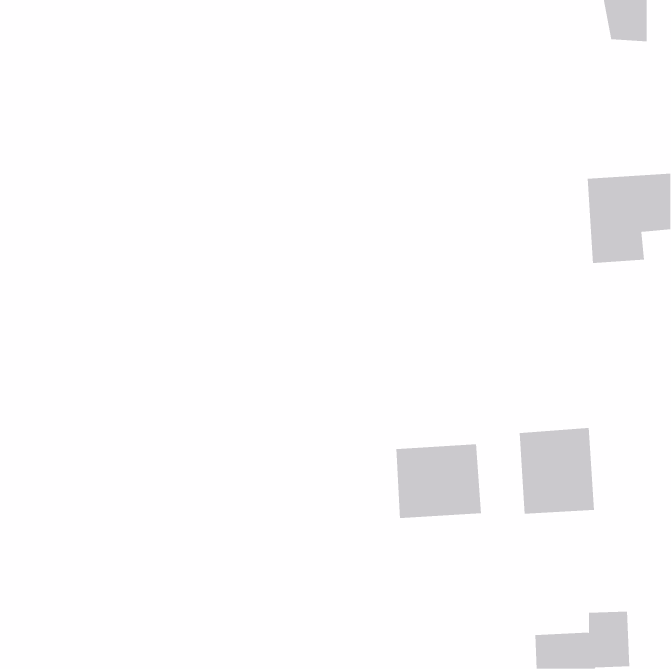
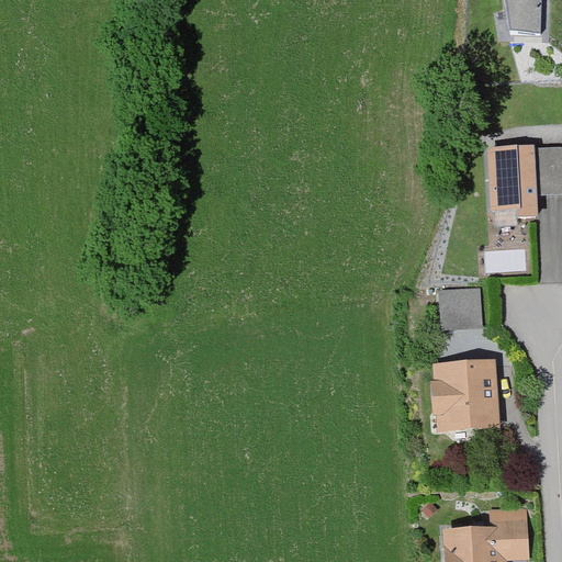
building: none -> [440,286,481,330]
building: [396,444,481,519] -> none

